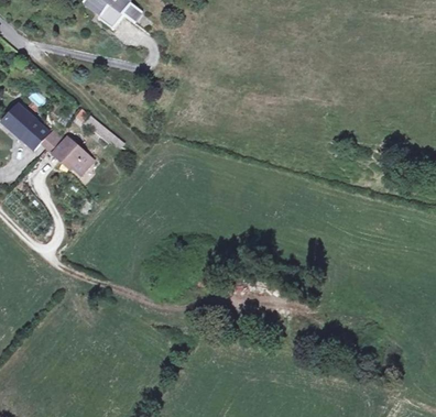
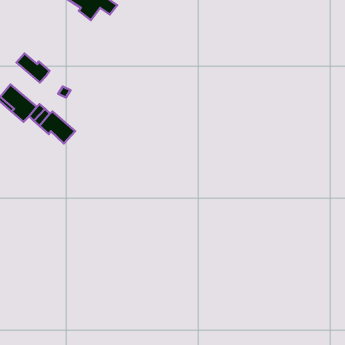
building: none -> [17,53,50,82]

